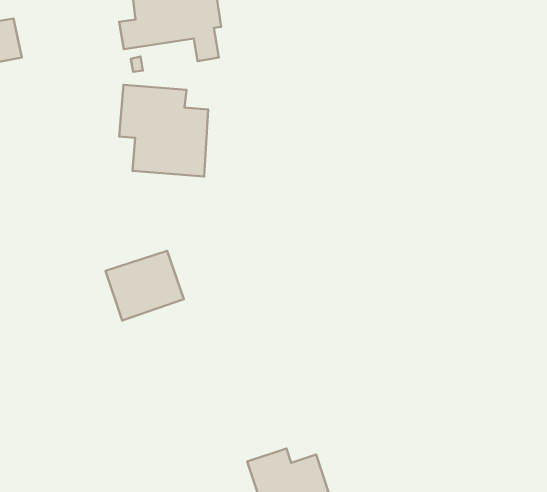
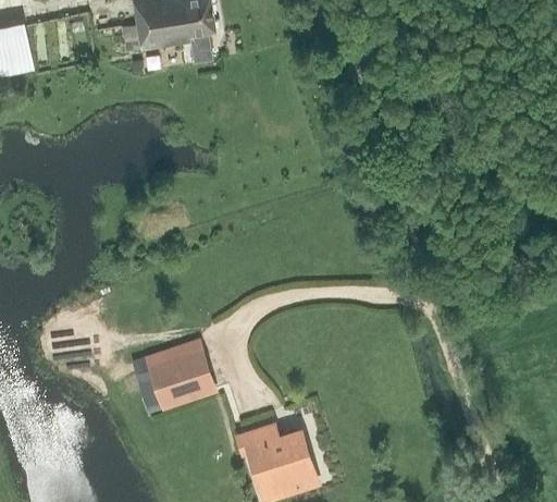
building: [119,85,208,176] -> none
building: [105,251,184,321] -> [145,346,216,411]

